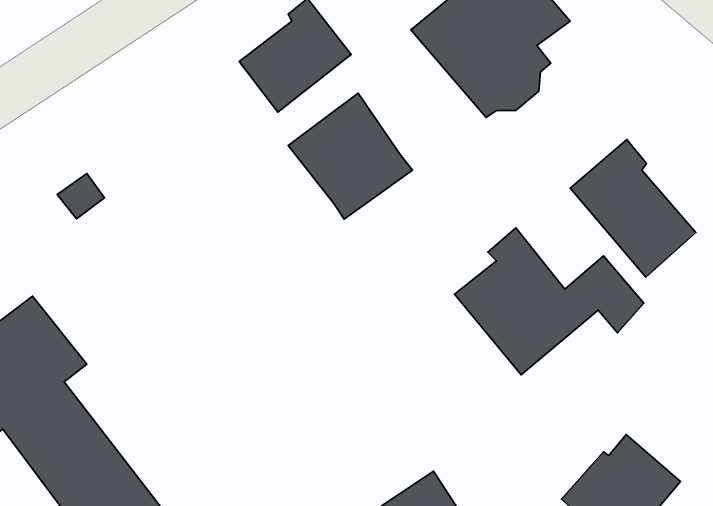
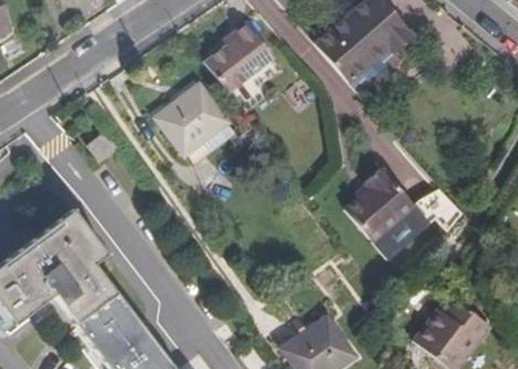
building: [288,93,413,219] -> [158,83,237,163]
building: [570,140,696,277] -> none

